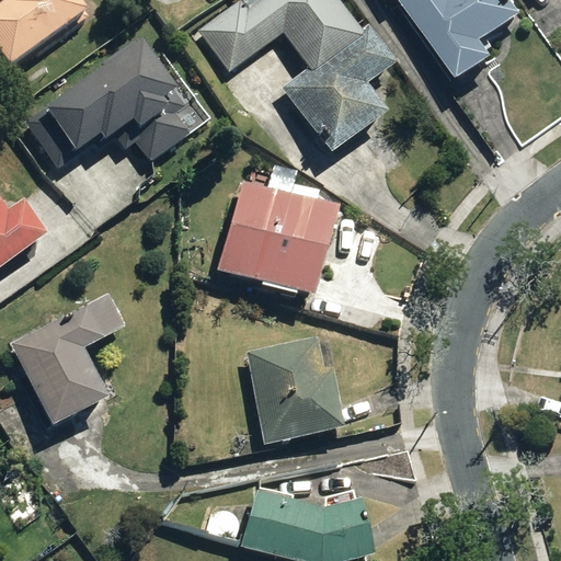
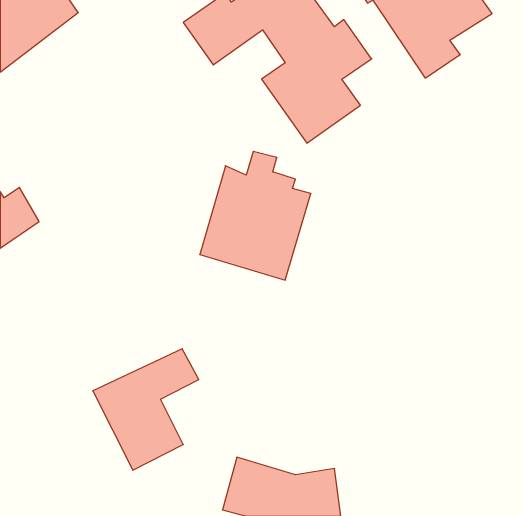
building: [26,37,192,165] -> none
building: [9,295,122,424] -> [93,349,199,470]
building: [247,331,346,442] -> none

